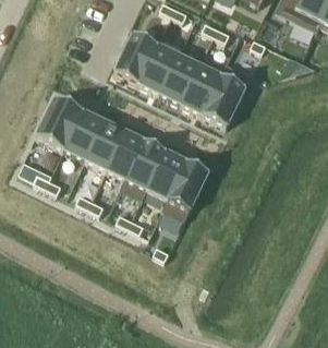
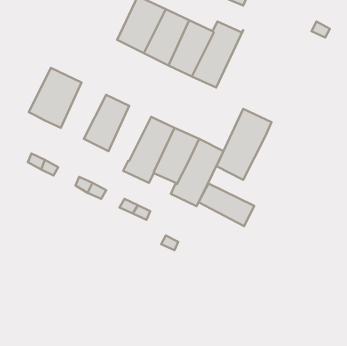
building: [203,63,252,127] -> [216,109,271,180]
building: [64,110,105,160] -> none
building: [107,131,145,180] -> none
building: none -> [199,183,254,226]

